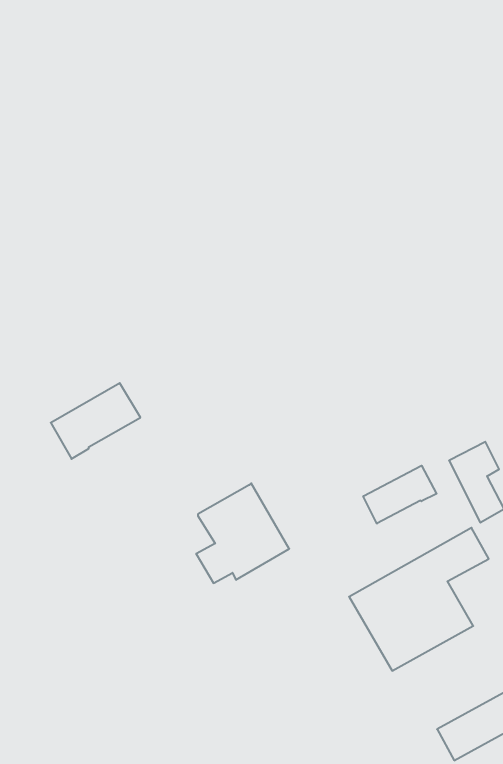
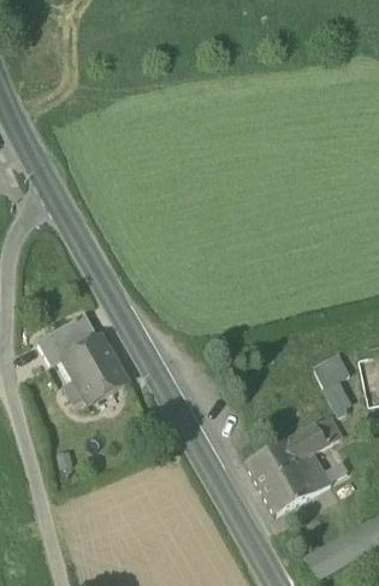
building: [363,466,437,524] -> none
building: [196,483,289,583] -> [61,336,126,406]

